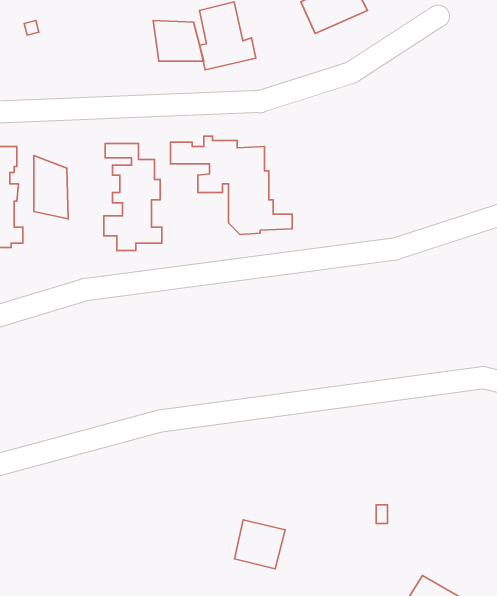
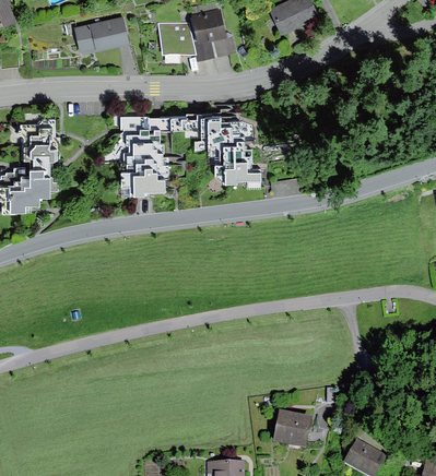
building: none -> [75,17,128,56]
building: [34,155,68,219] -> none
building: [234,520,285,569] -> [276,414,315,451]

